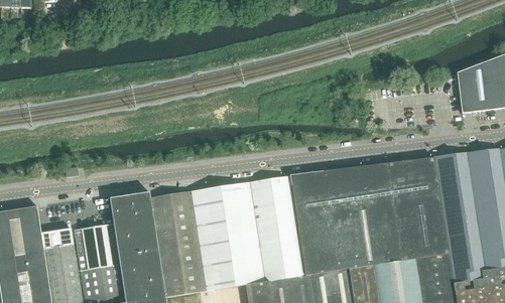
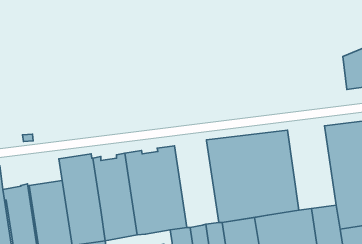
building: [389,157,449,260] -> none
building: [251,175,305,281] -> none

